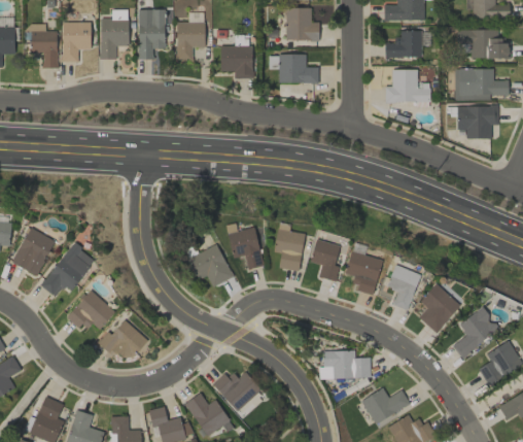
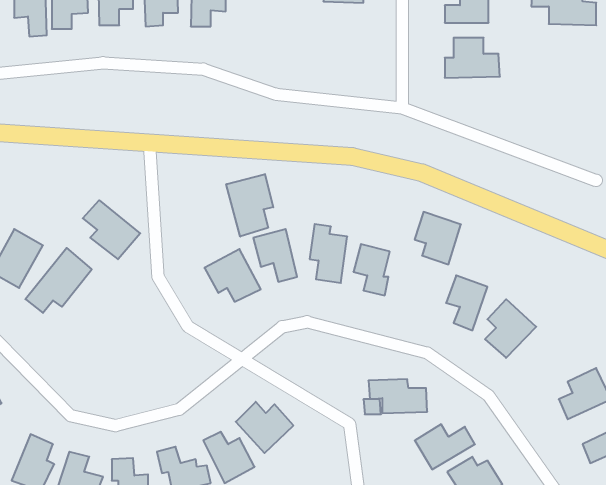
building: [220,45,253,78] -> none
building: [278,54,318,83] -> none
building: [454,68,509,100] -> none
building: [456,105,498,139] -> none
building: none -> [226,174,273,237]
building: none -> [83,200,140,259]
building: [345,250,383,294] -> [415,212,461,264]
building: [67,290,114,332] -> none
building: [453,307,498,355] -> none
building: [100,319,148,363] -> none

